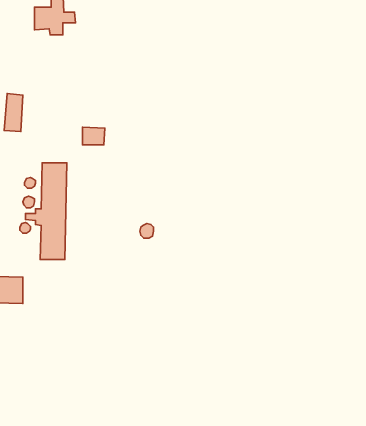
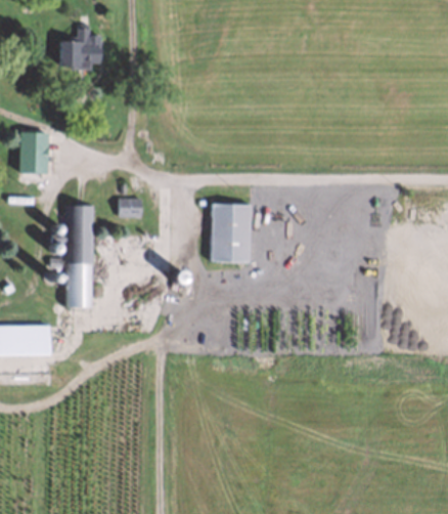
building: [82,127,105,145] -> [119,199,142,217]
building: none -> [208,204,250,262]

